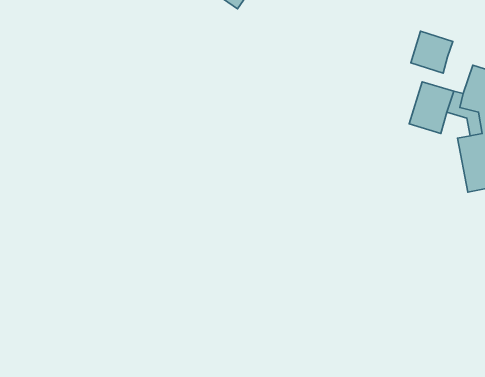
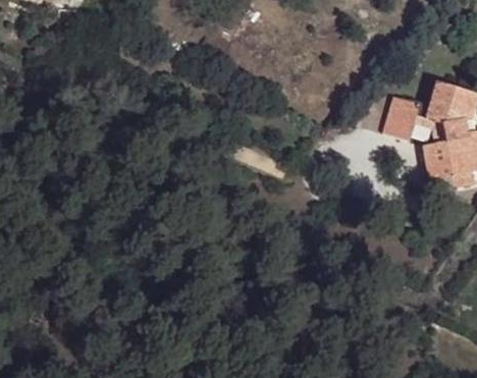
building: [411,31,453,73] -> none

